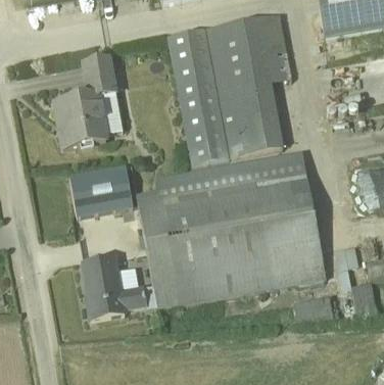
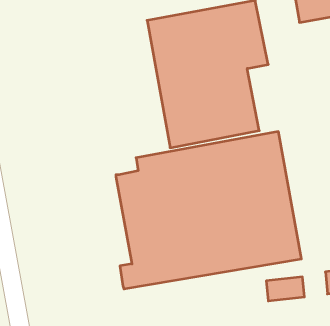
building: [56,55,123,147] -> none
building: [69,166,133,216] -> none
building: [83,256,144,319] -> none

